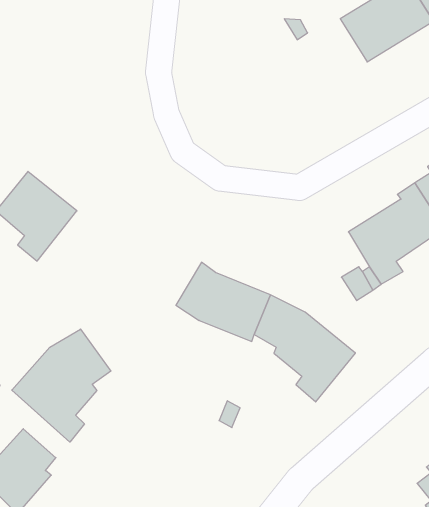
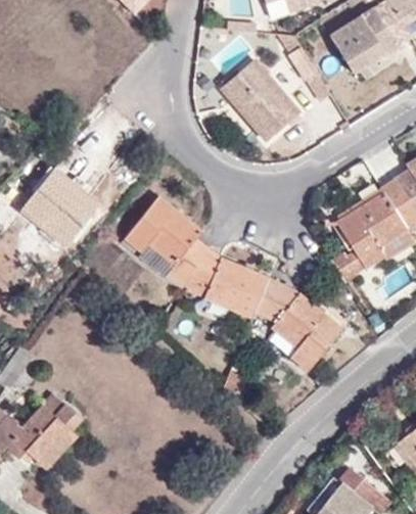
building: none -> [222,60,299,141]
building: none -> [125,196,209,286]
building: [12,329,111,442] -> none

